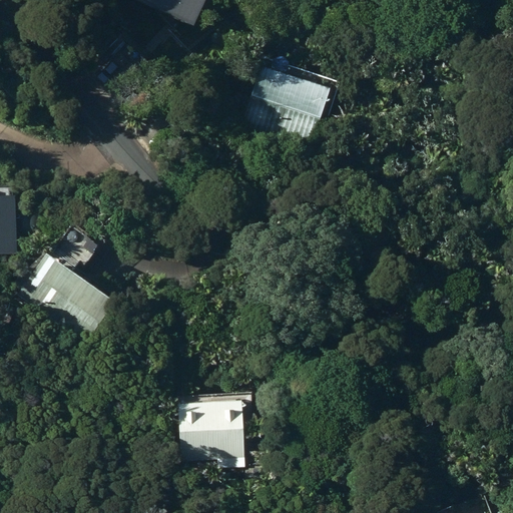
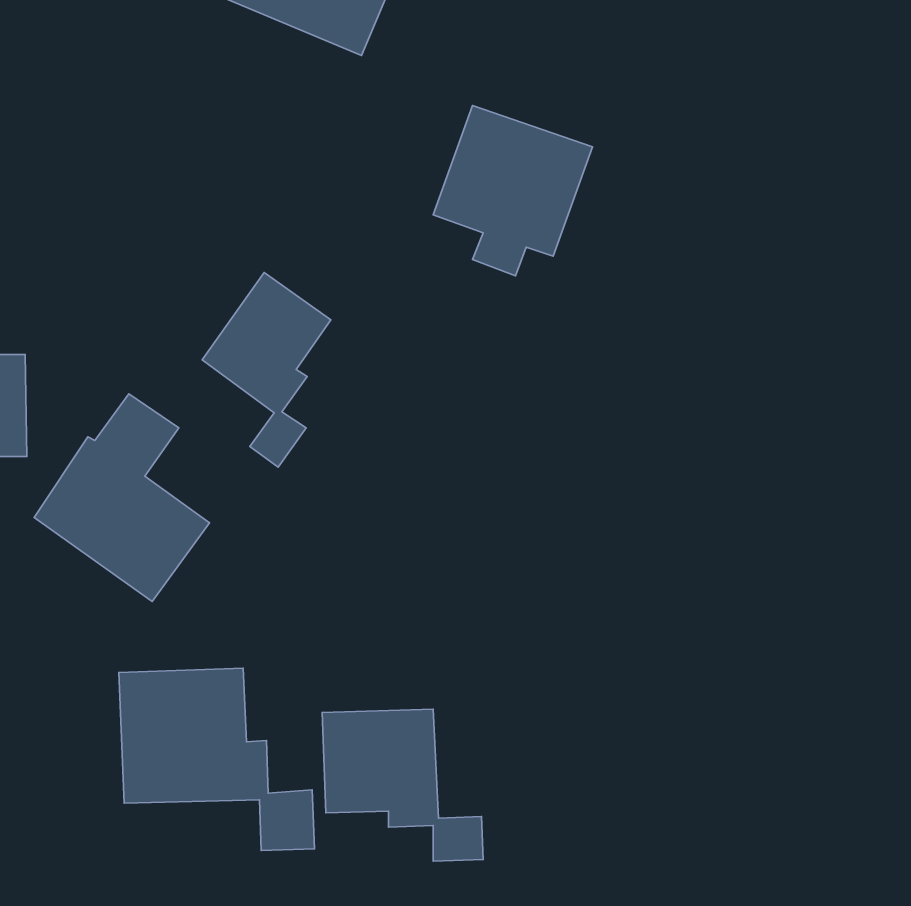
building: none -> [202,272,331,467]
building: none -> [119,668,314,850]

